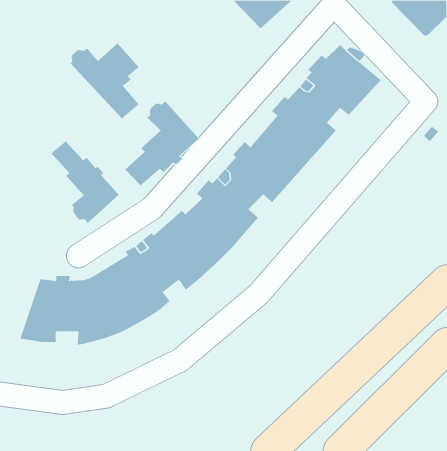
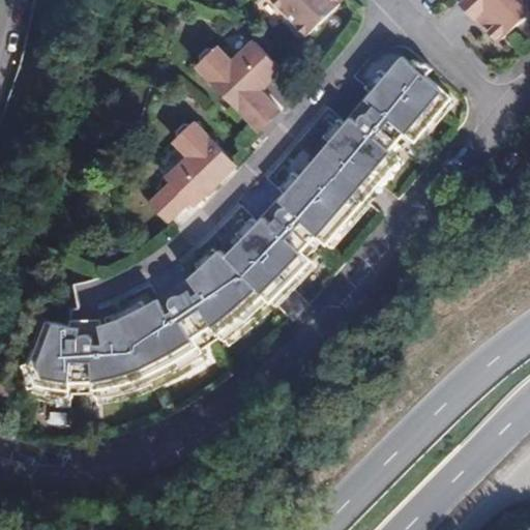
building: [70,42,140,119] -> [198,39,279,129]
building: [51,141,120,224] -> none

